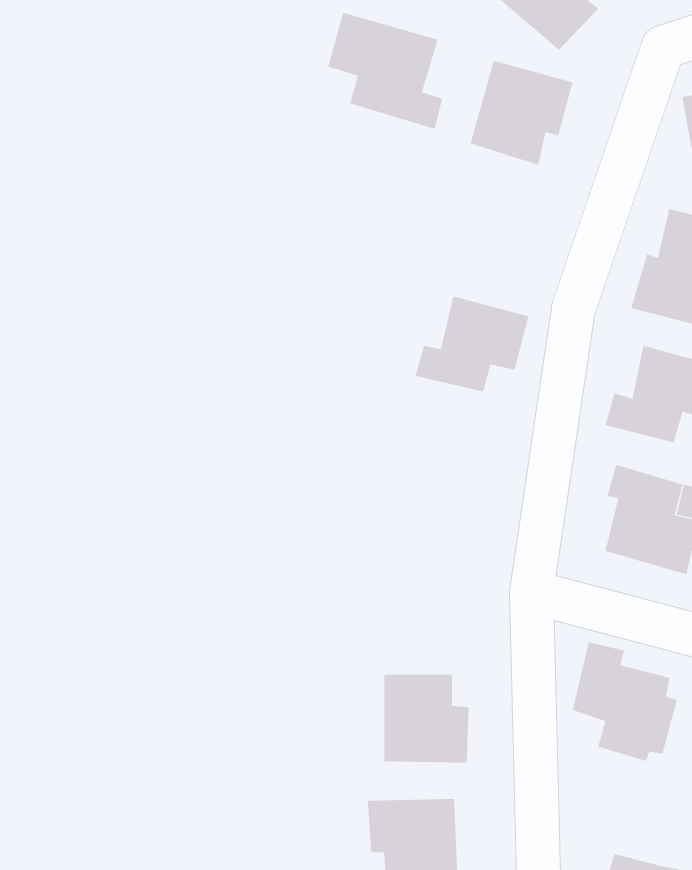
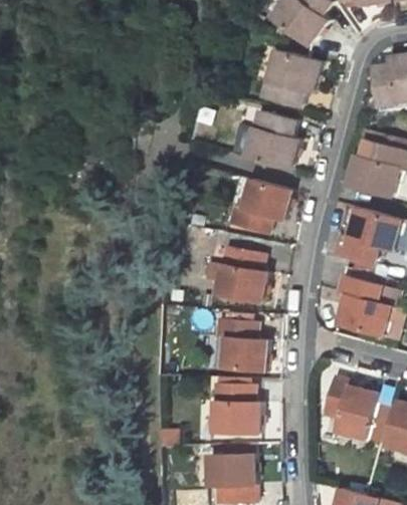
building: [327,12,443,130] -> none
building: none -> [244,112,296,170]
building: none -> [215,247,268,301]
building: none -> [218,319,266,371]

